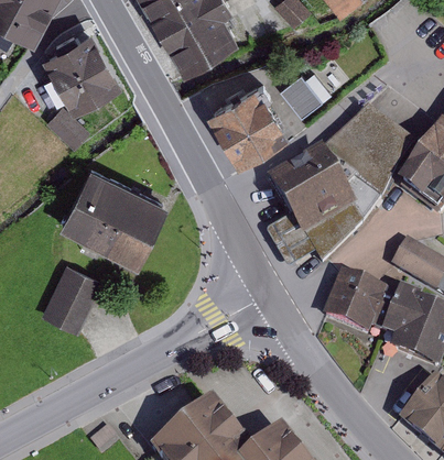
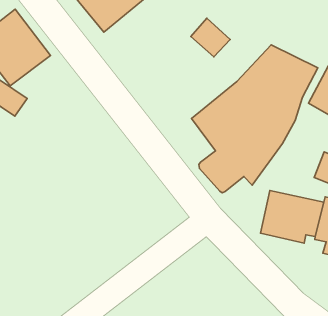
building: [206,76,289,160] -> none
building: [58,158,169,260] -> none
building: [41,256,102,326] -> none

